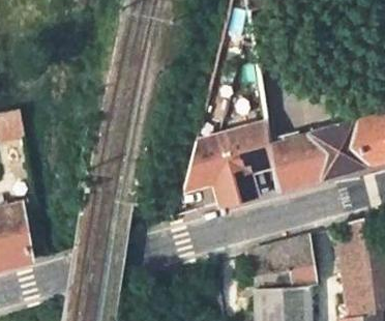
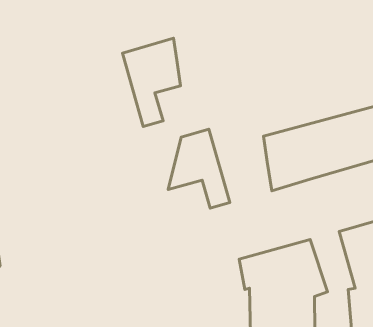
building: [217,124,269,203] -> [122,38,180,126]

